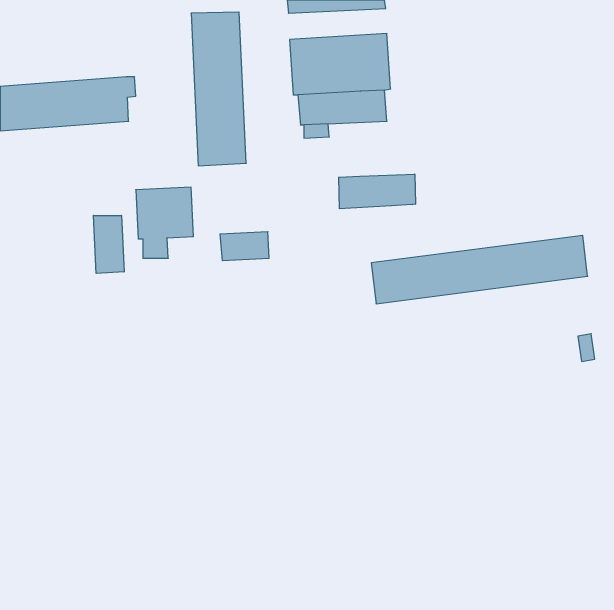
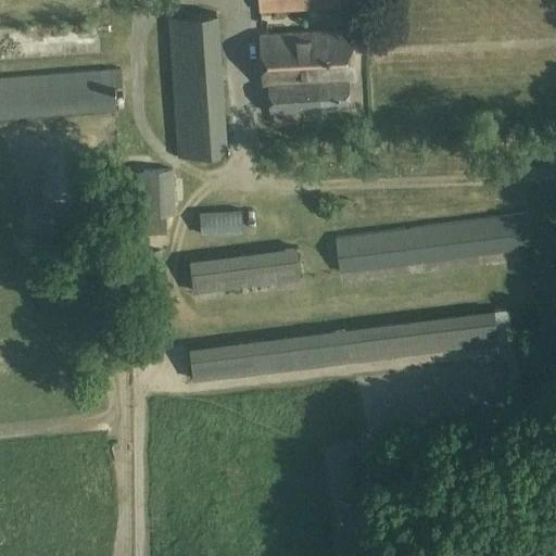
building: [339,174,415,209] -> none
building: [93,215,124,273] -> none
building: none -> [190,250,301,296]
building: none -> [187,312,517,372]

